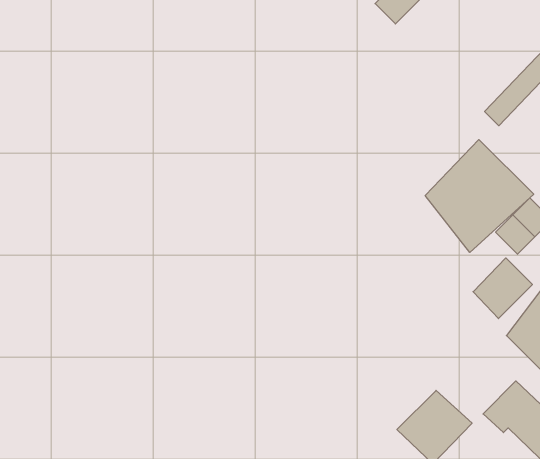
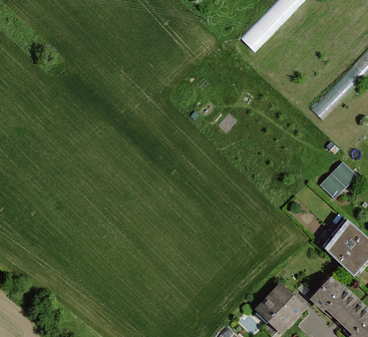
building: [425,140,534,252] -> none
building: [473,258,532,319] -> none

